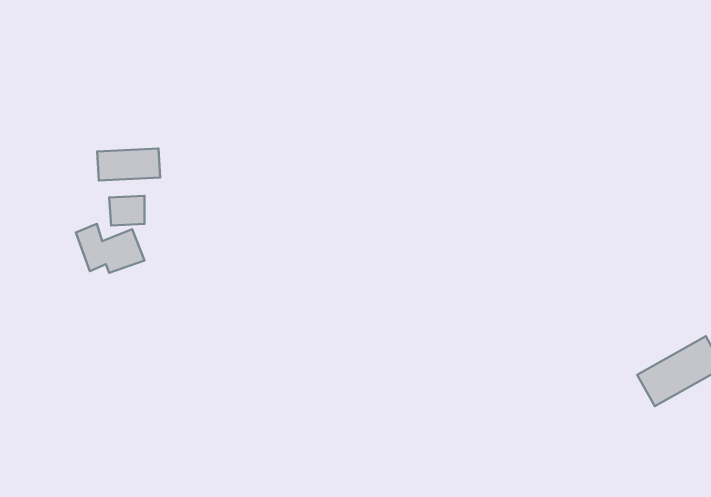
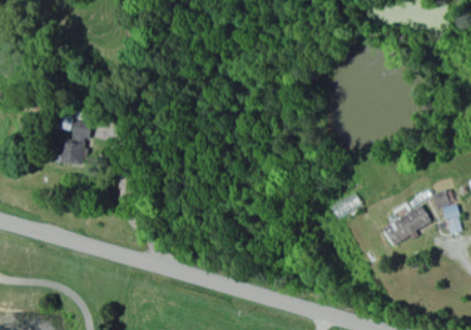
building: [97,149,160,181] -> none

